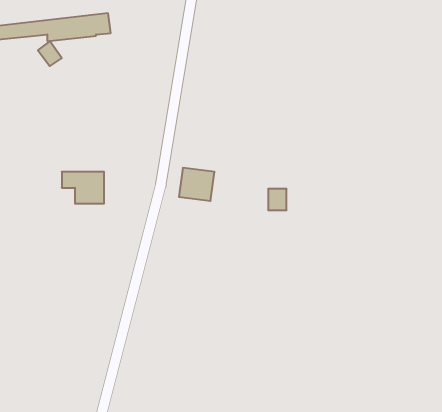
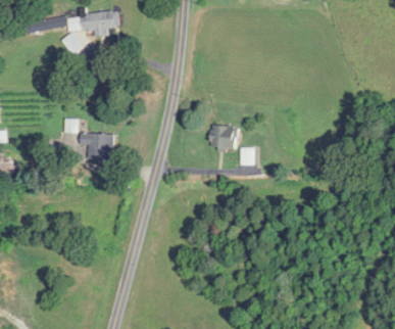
building: [179,168,215,201] -> [208,124,236,149]

